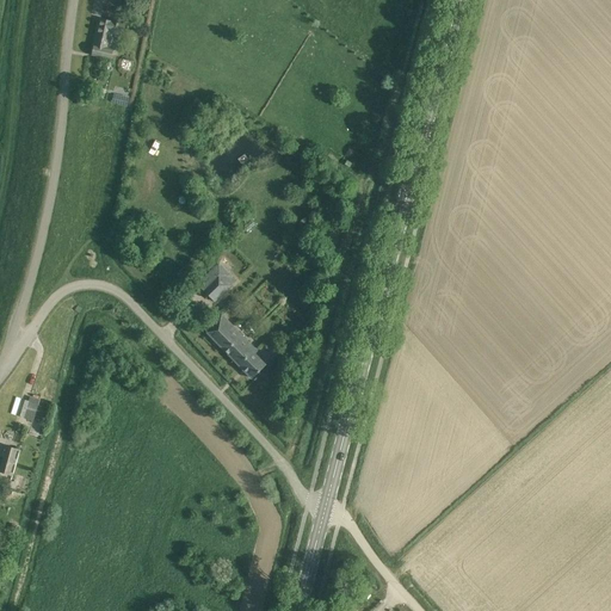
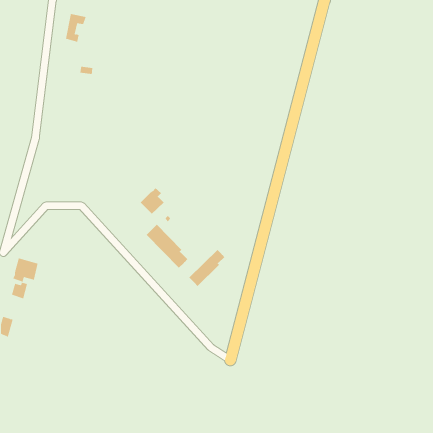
building: none -> [189,249,225,287]
building: none -> [13,258,38,282]

